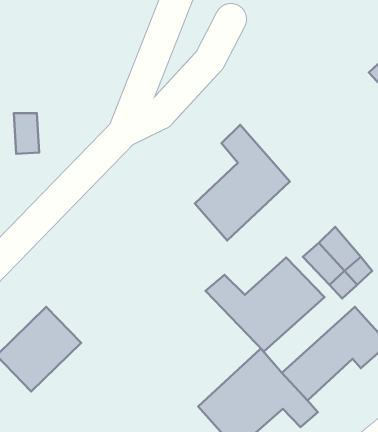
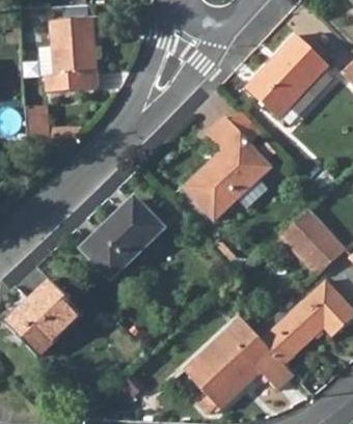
building: none -> [39,20,92,93]
building: none -> [247,35,329,118]
building: none -> [82,199,160,277]
building: [205,257,324,352] -> none

